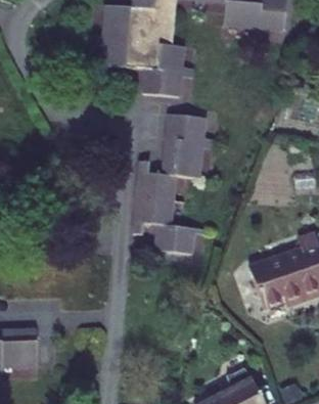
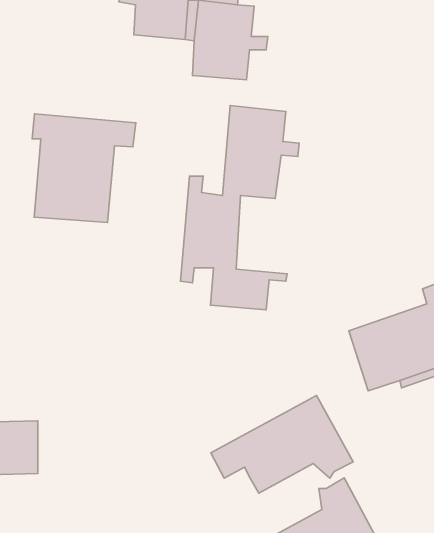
building: none -> [32,114,136,223]
building: none -> [211,395,353,493]

